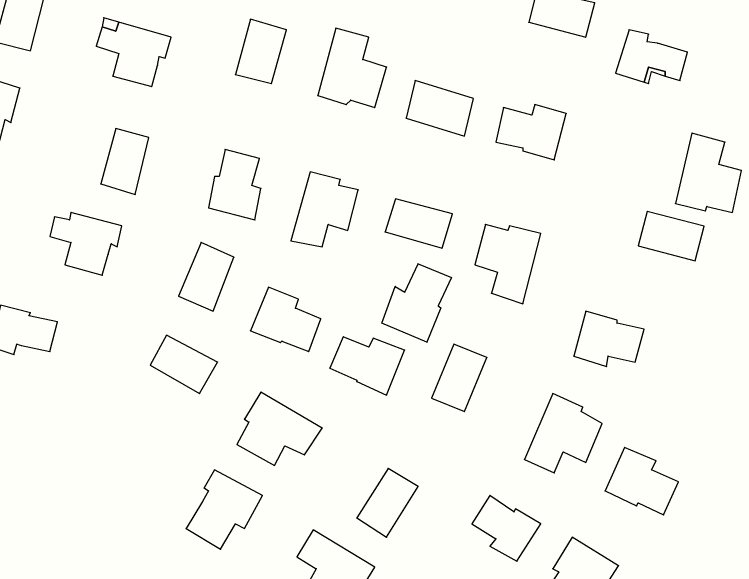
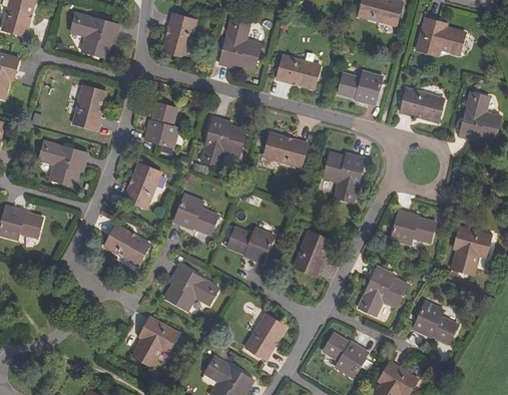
building: [638,211,704,261] -> [401,89,445,122]
building: [382,264,451,342] -> none
building: none -> [450,225,492,275]

